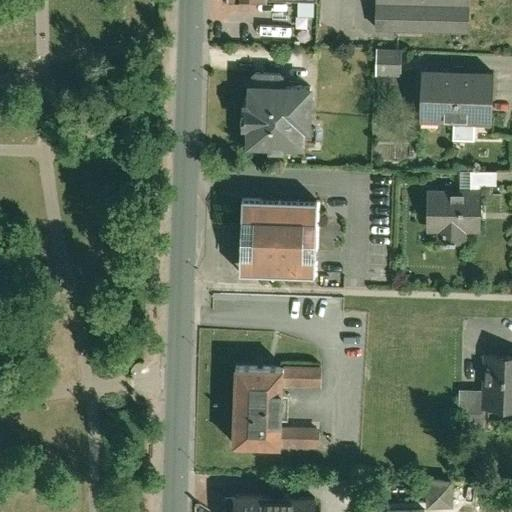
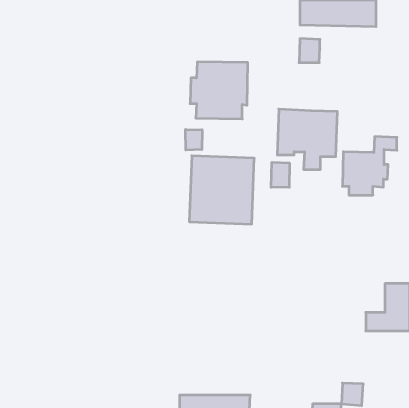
building: [418,69,493,144] -> [277,109,337,169]
building: none -> [186,129,202,150]
building: none -> [271,162,289,187]
building: [231,364,321,450] -> none

